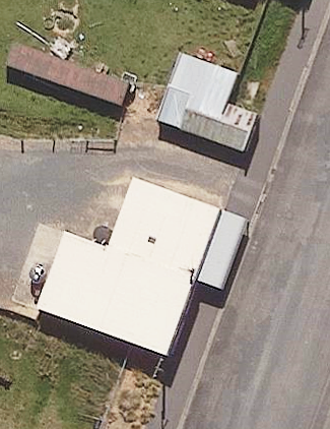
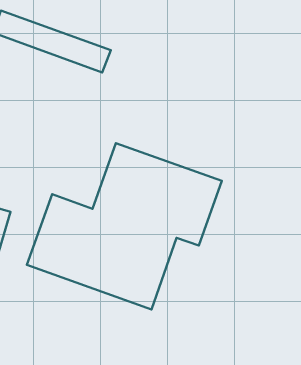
building: [156,55,254,150] -> none

